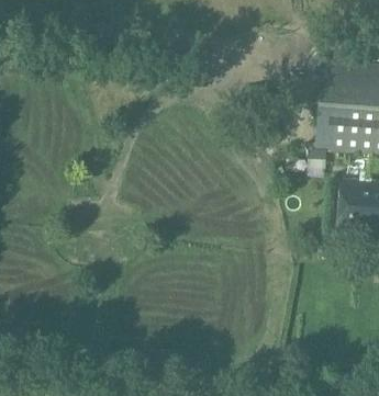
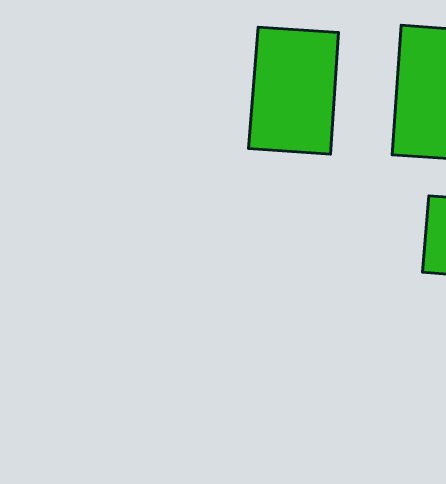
building: none -> [249,27,339,154]

